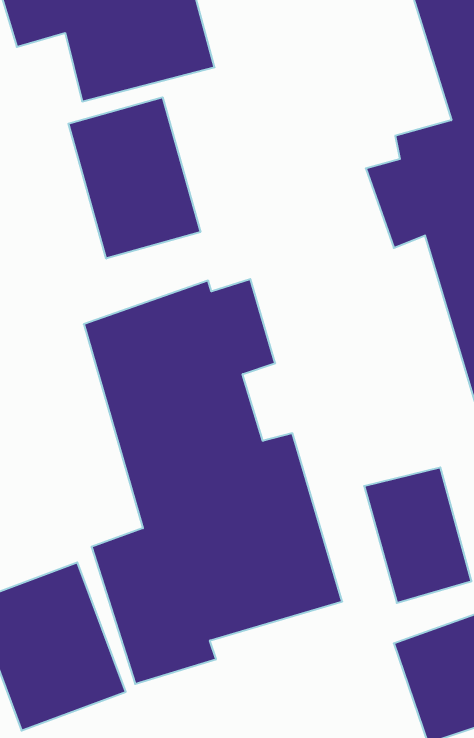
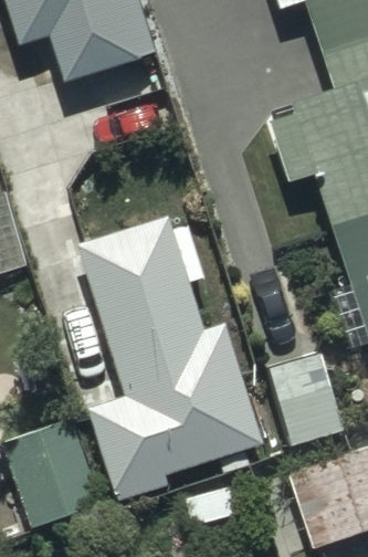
building: [68,97,200,259] -> none

